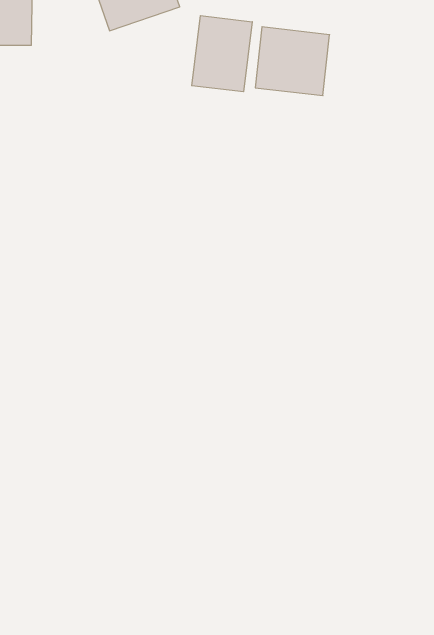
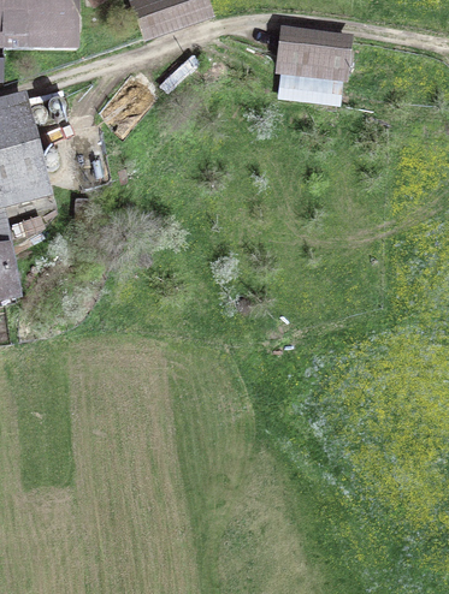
building: [192,16,252,92] -> none

